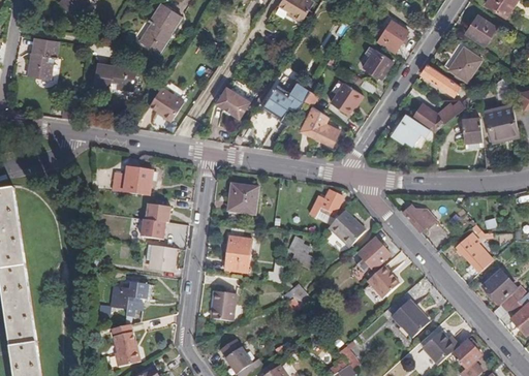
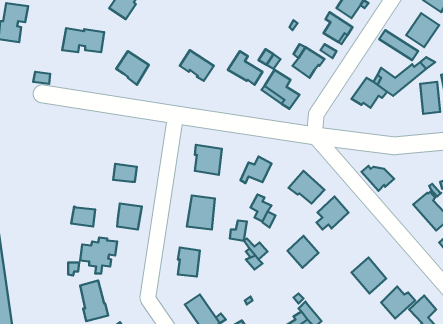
building: [113,168,152,195] -> none
building: [310,191,342,219] -> [241,156,272,183]
building: [139,219,164,240] -> [71,207,95,227]
building: [365,265,397,299] -> [288,236,319,268]

